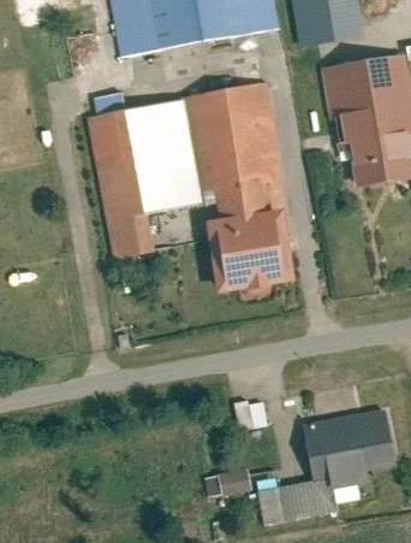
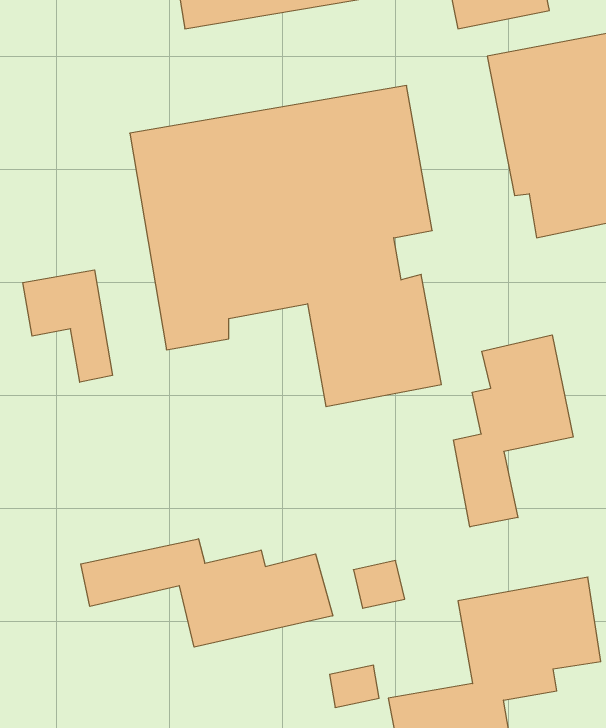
building: none -> [23,270,112,382]
building: none -> [454,335,573,527]
building: none -> [81,539,333,647]

